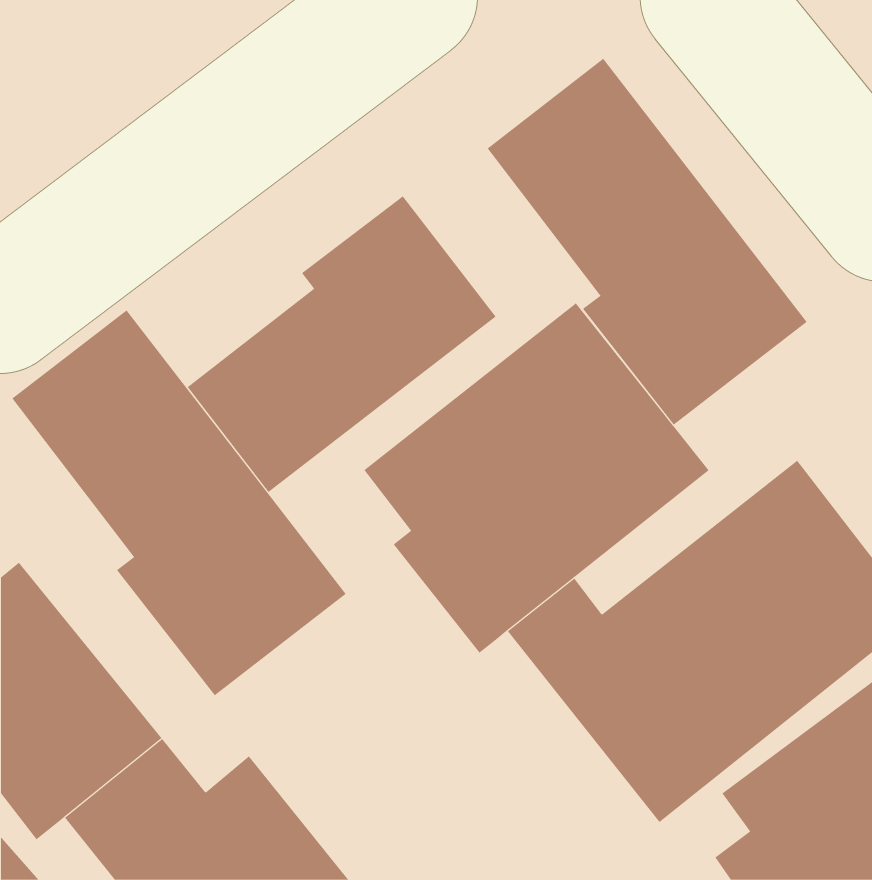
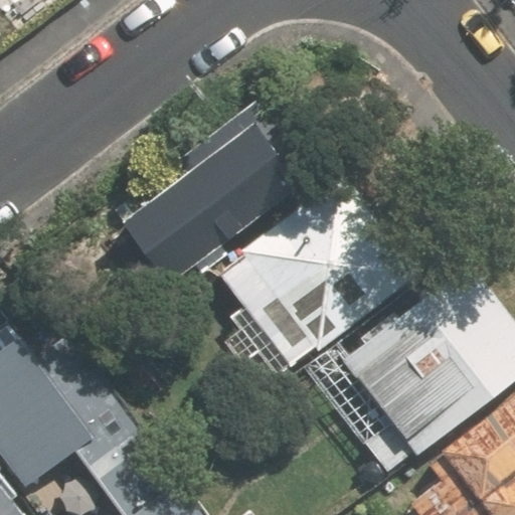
building: [487,58,808,426] -> none
building: [12,309,347,696] -> none

